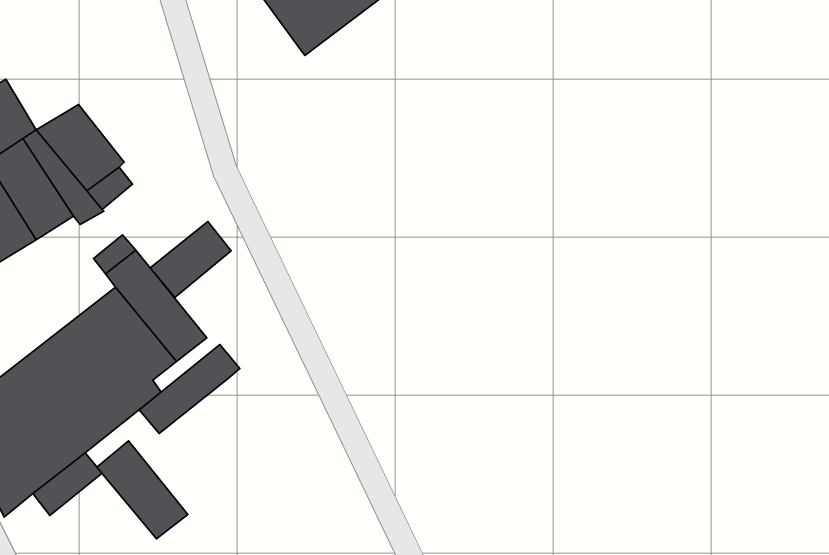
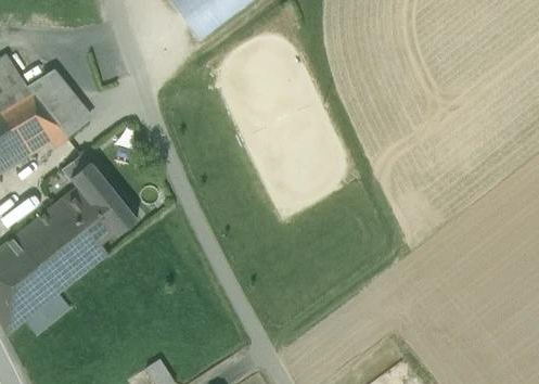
building: [150,221,231,298] -> none
building: [139,345,240,434] -> none
building: [97,441,188,539] -> none

